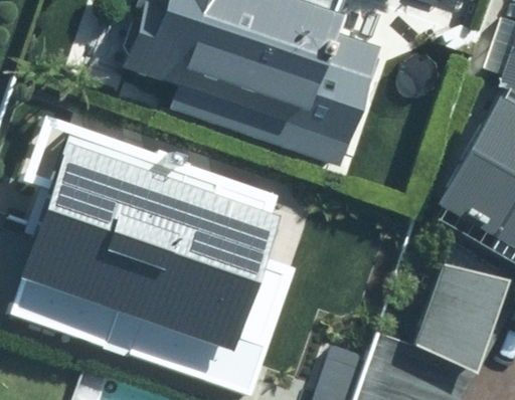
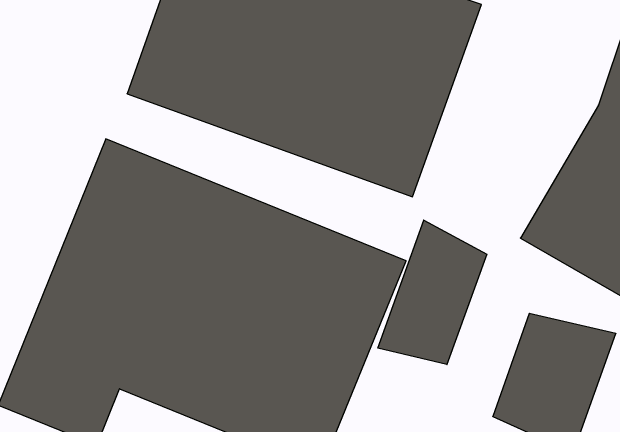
building: none -> [378,220,487,365]

